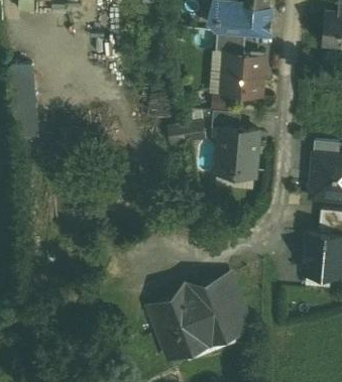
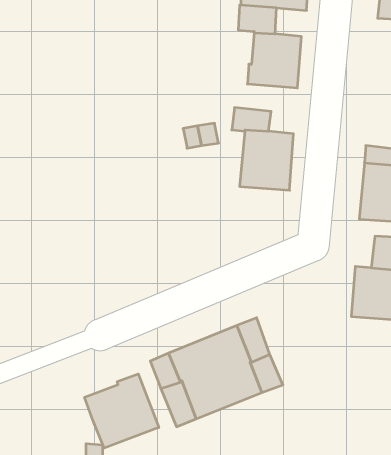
building: none -> [85,374,159,448]

